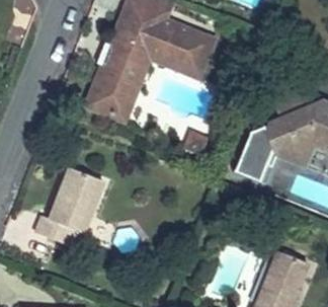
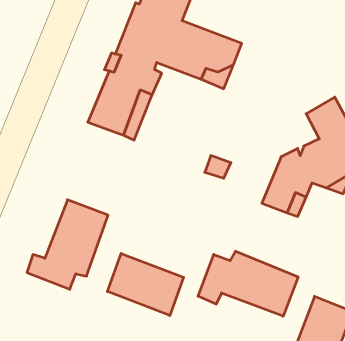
building: none -> [198,251,298,316]
building: none -> [107,253,184,316]

